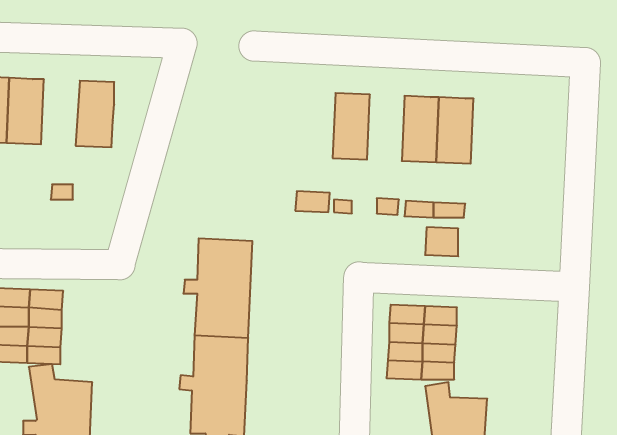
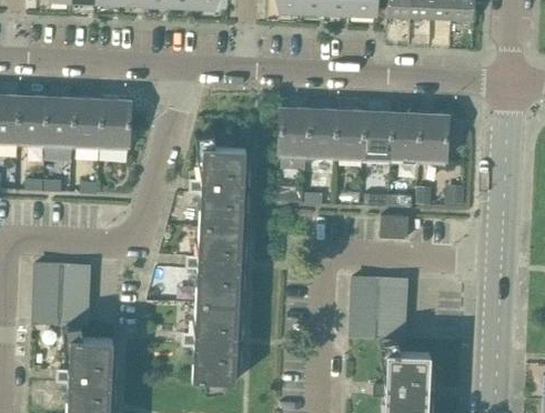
building: none -> [73,95,104,149]
building: none -> [280,105,310,159]
building: none -> [335,108,365,161]
building: none -> [418,111,450,164]
building: none -> [192,134,246,225]

